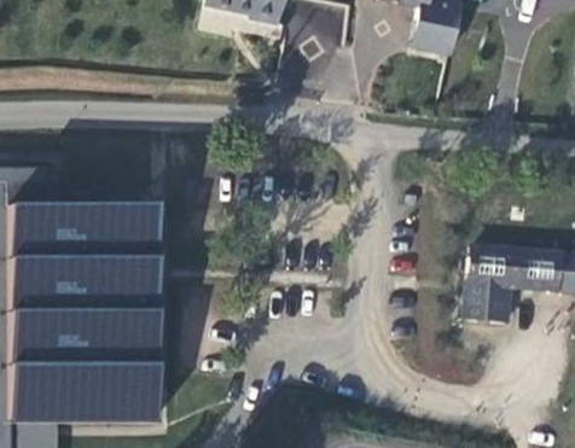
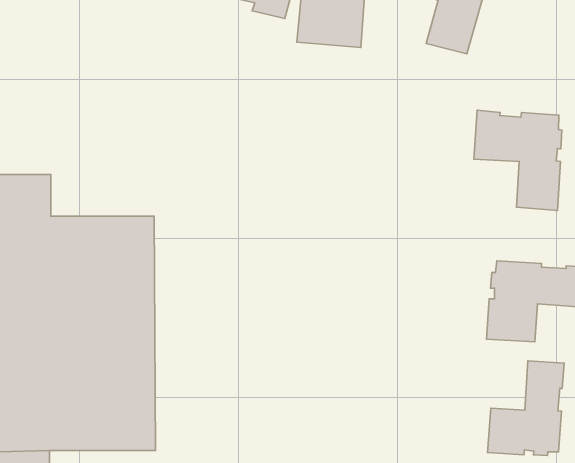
building: none -> [474,110,562,211]
building: none -> [488,361,564,455]

